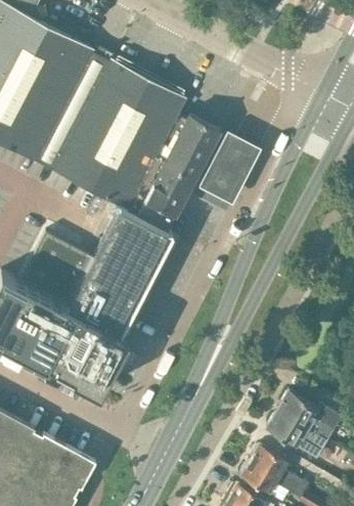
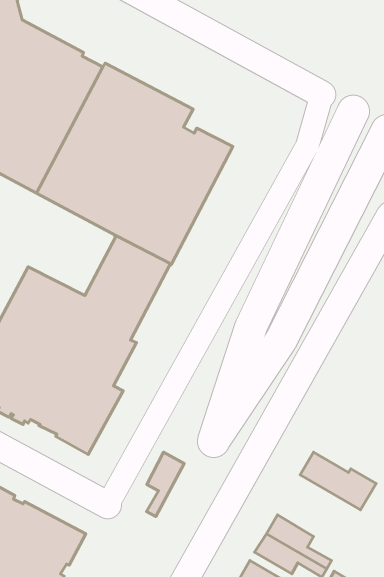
building: [196,121,259,194] -> none
building: none -> [147,452,184,516]
building: [266,411,328,451] -> none

